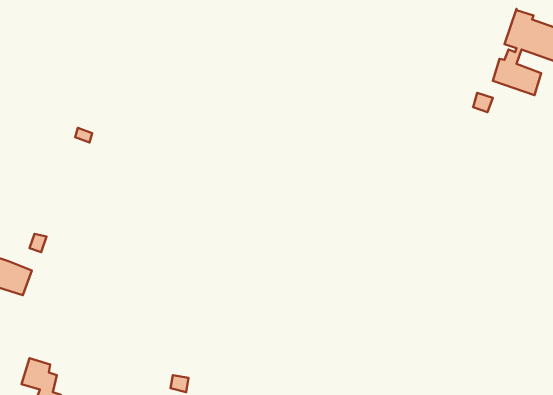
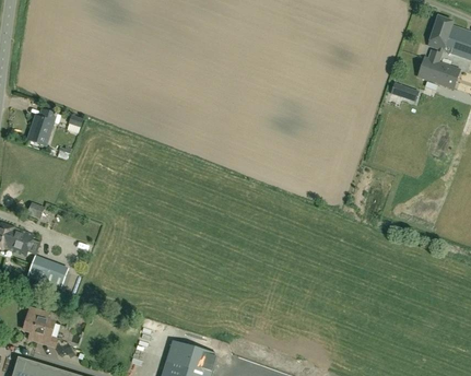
building: none -> [27,108,57,145]
building: none -> [28,259,68,289]

